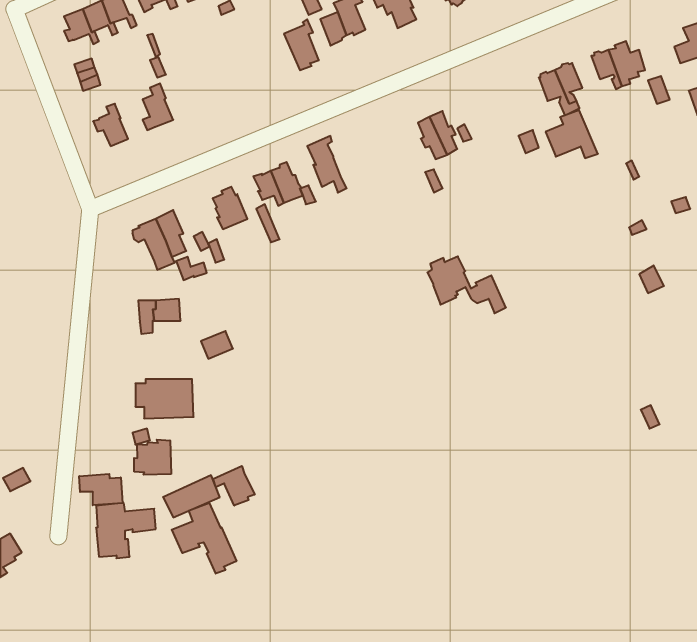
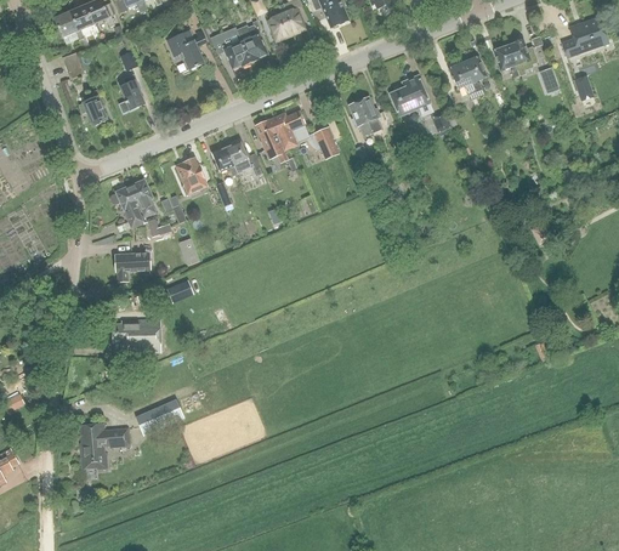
building: none -> [211,28,250,67]
building: none -> [167,30,206,69]
building: [546,110,598,158] -> [390,75,433,115]
building: [427,256,506,313] -> [273,110,339,158]
building: [134,440,171,475] -> none
building: [213,466,255,506] -> none
building: [79,474,123,505] -> none
building: [172,503,236,574] -> none

